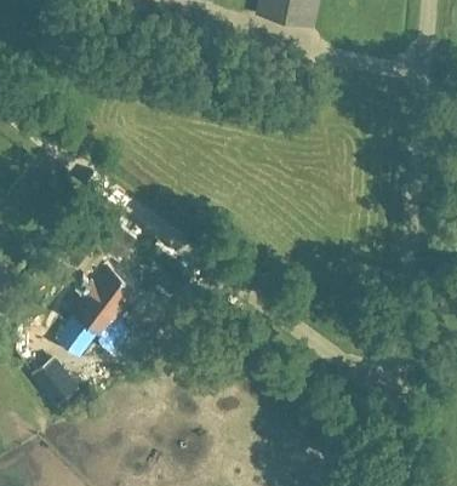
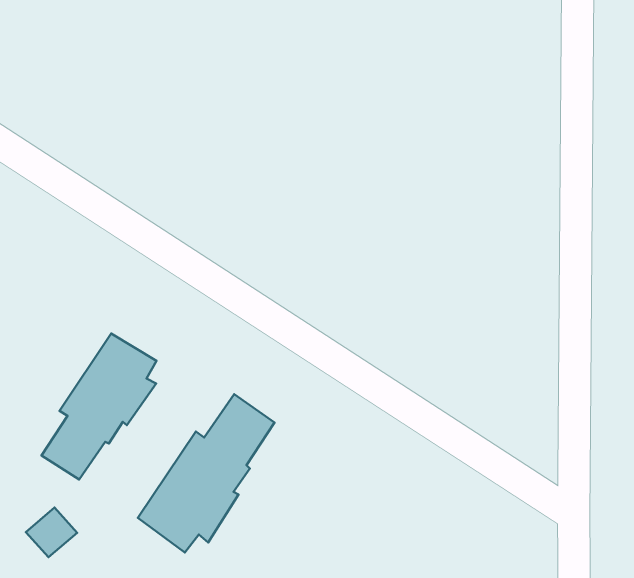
building: none -> [138,394,274,553]

